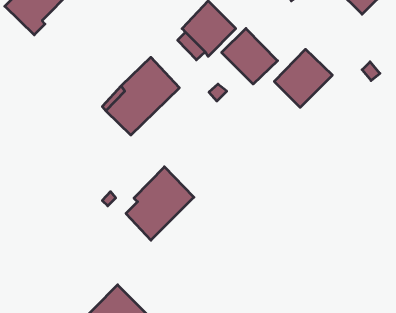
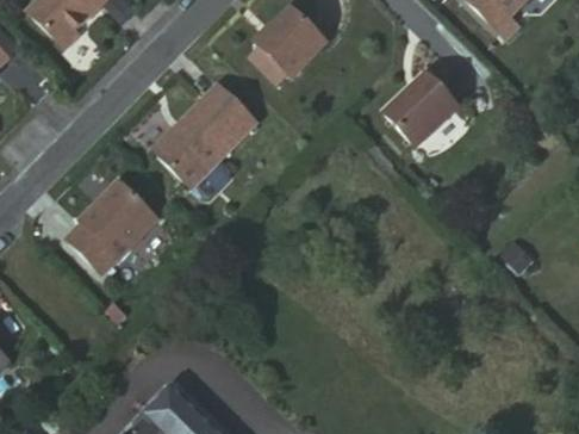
building: [222,28,278,84] -> none
building: [126,167,194,240] -> [66,175,156,273]

